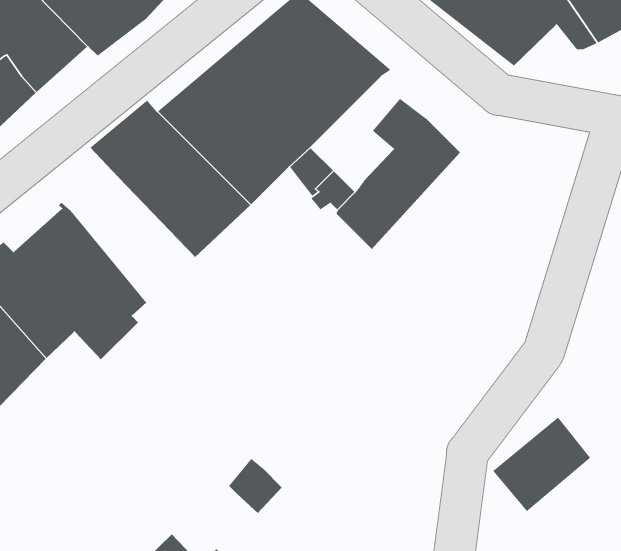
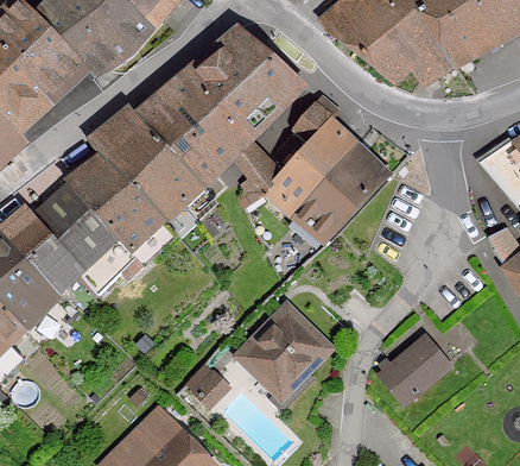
building: none -> [292,144,392,243]
building: none -> [76,162,177,265]
building: none -> [239,304,330,407]

